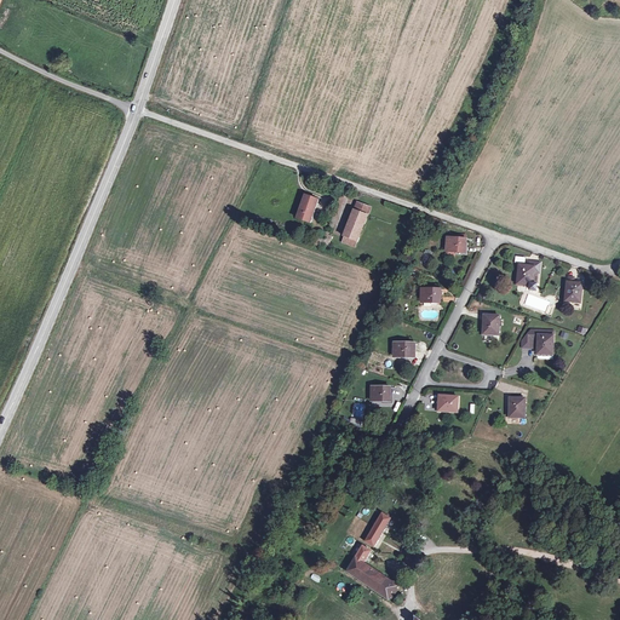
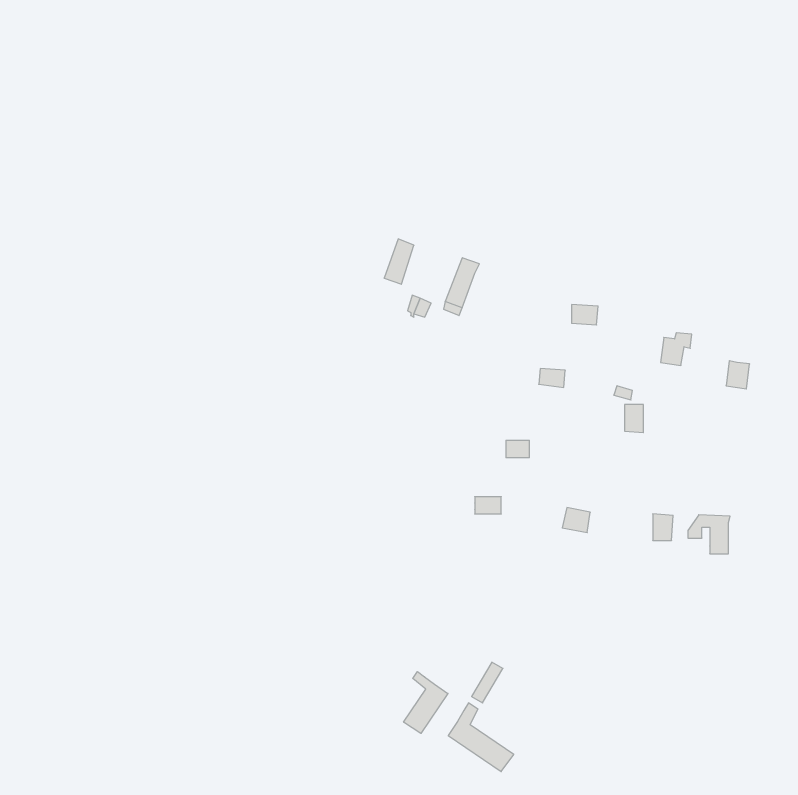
building: [518,331,551,361] -> [688,515,730,554]
building: none -> [404,672,448,733]

